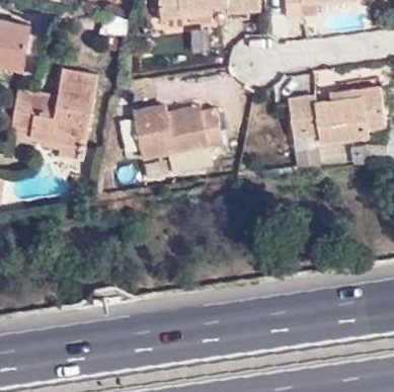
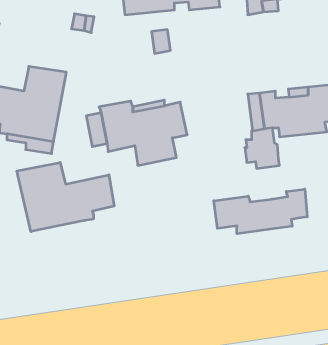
building: none -> [17,162,114,232]
building: none -> [214,189,307,234]

